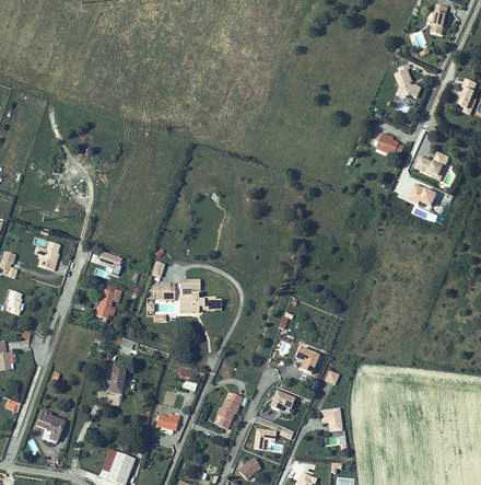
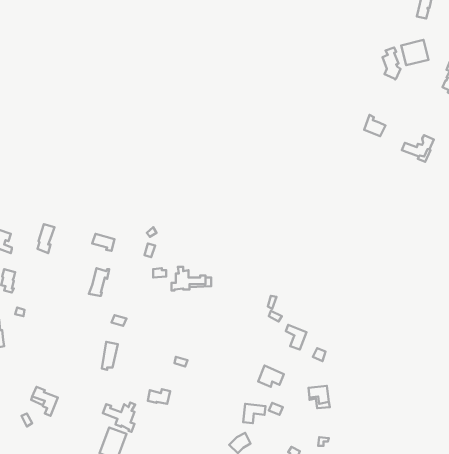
building: none -> [401,40,429,65]
building: [407,183,436,209] -> none
building: [216,392,243,428] -> none
building: none -> [103,403,135,432]

